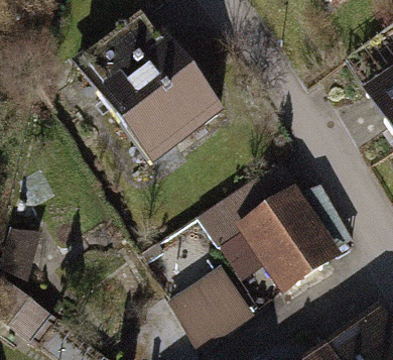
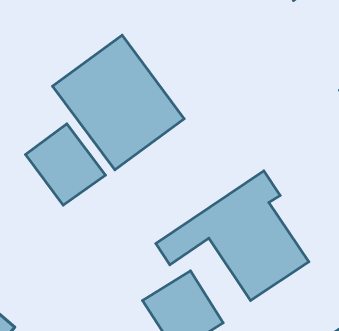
building: none -> [26,124,105,205]

